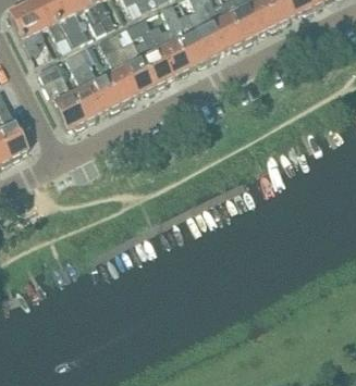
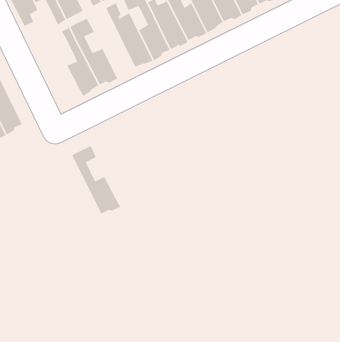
building: [99,34,137,103] -> none
building: [37,60,86,128] -> [71,145,121,215]

